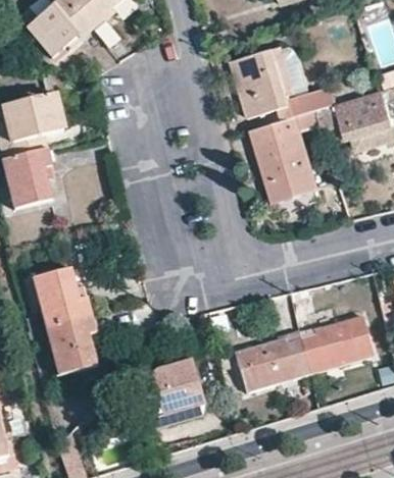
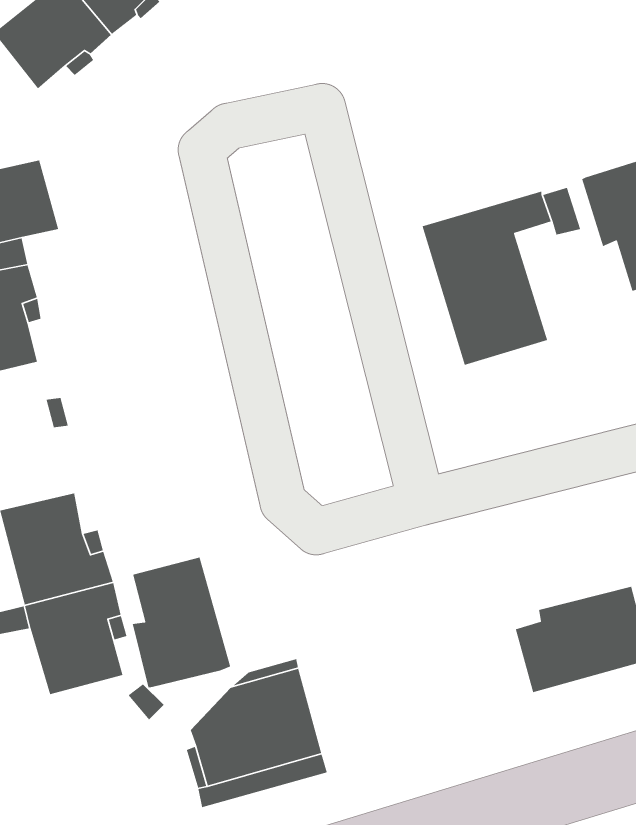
building: [231,46,337,119] -> none
building: none -> [132,556,231,688]
building: [235,333,309,390] -> none

